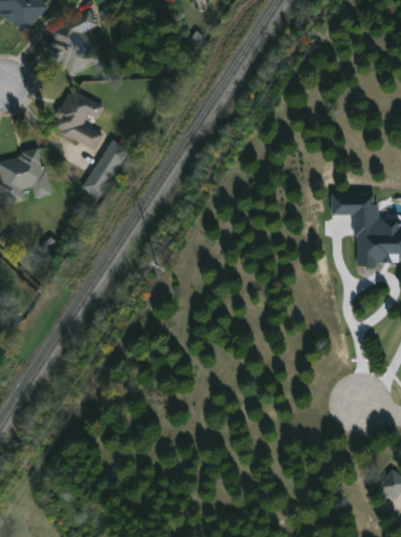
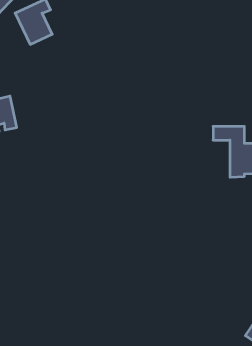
building: [51,94,104,150] -> none
building: [83,139,129,199] -> none

